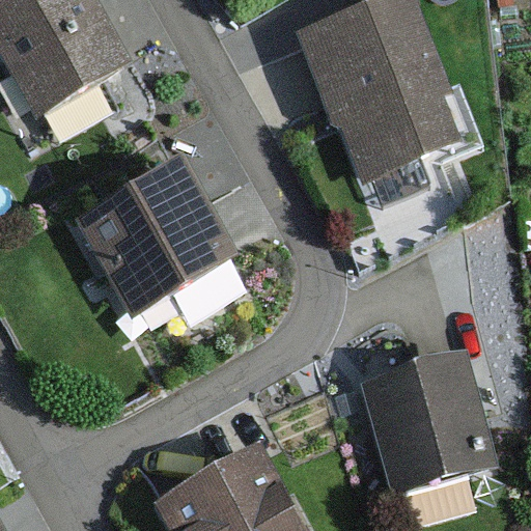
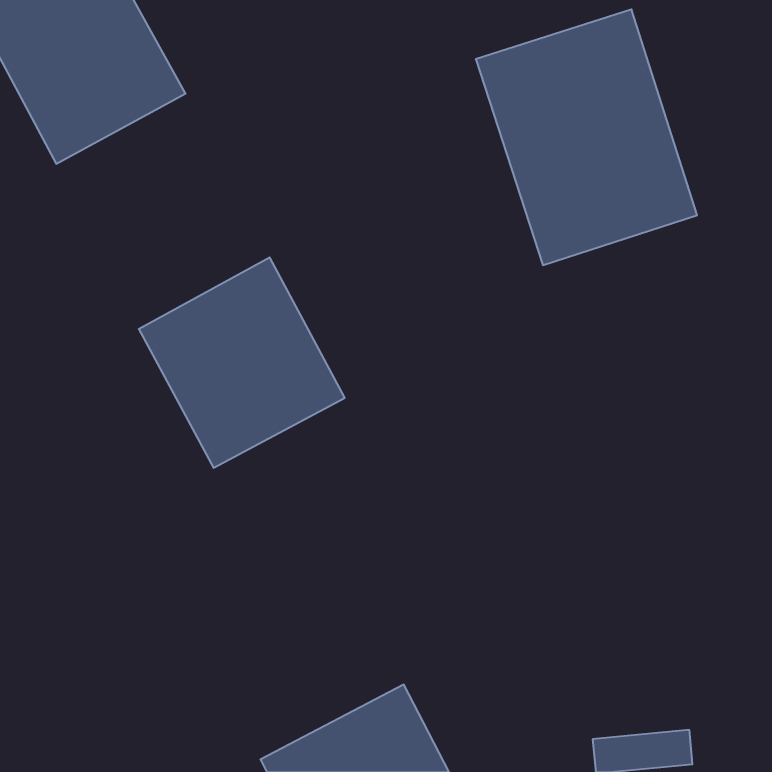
building: [371,364,490,488] -> none

